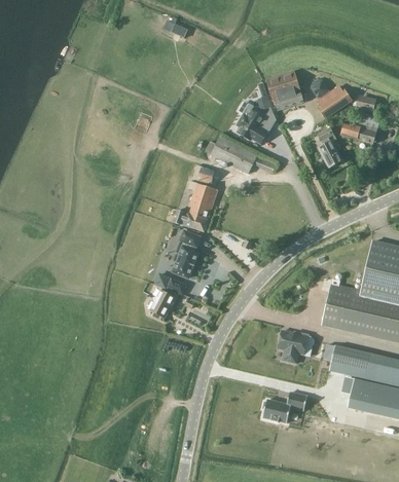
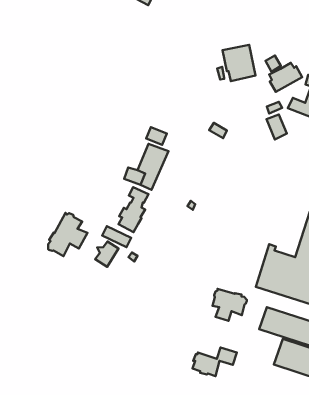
building: [237,109,267,144] -> none
building: [205,136,257,174] -> none
building: none -> [48,213,87,256]

